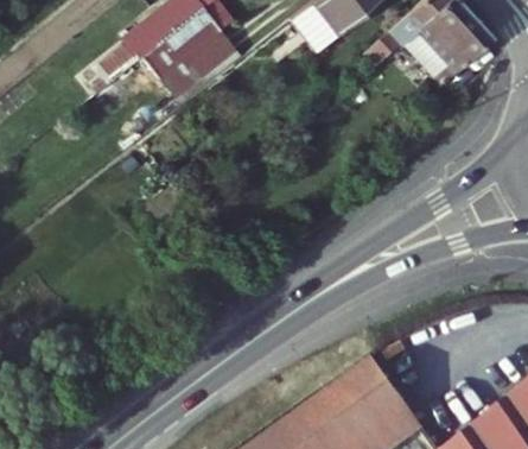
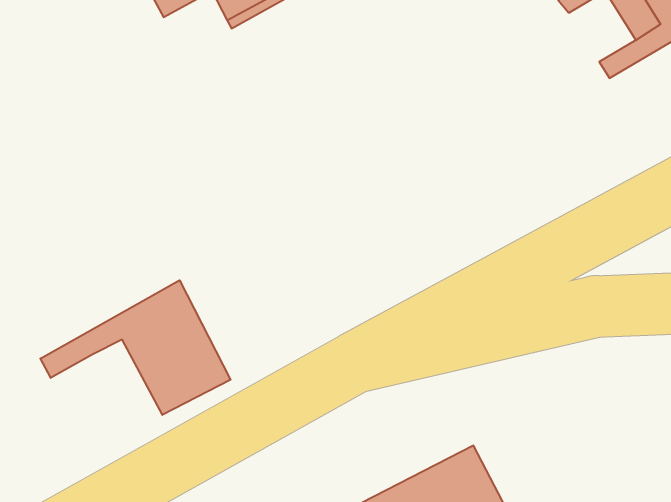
building: none -> [40,280,231,415]

